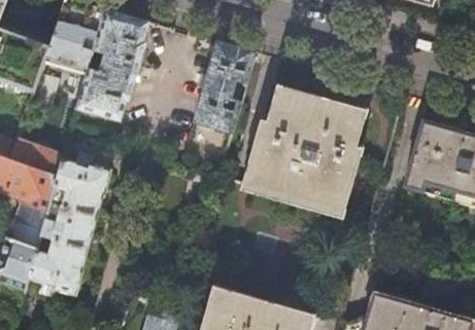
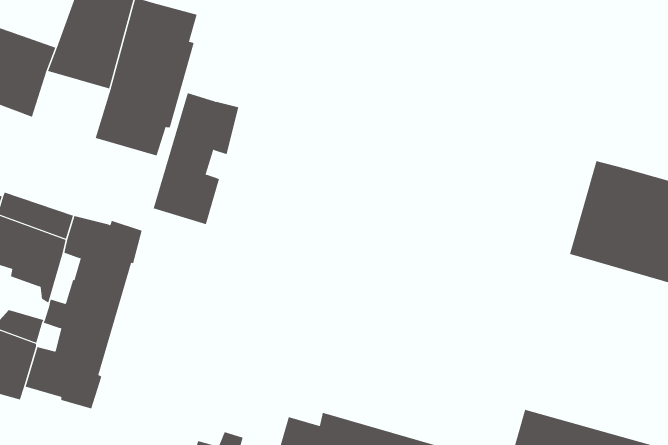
building: [194,40,253,132] -> [153,92,239,225]
building: [243,87,363,211] -> none

